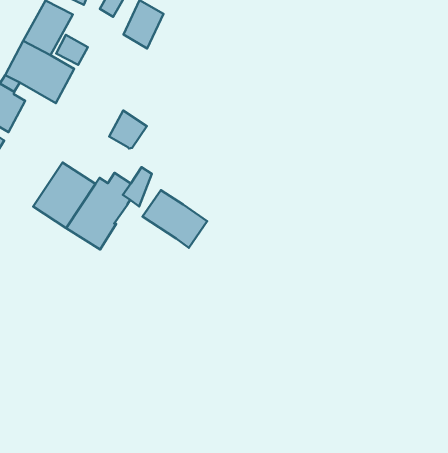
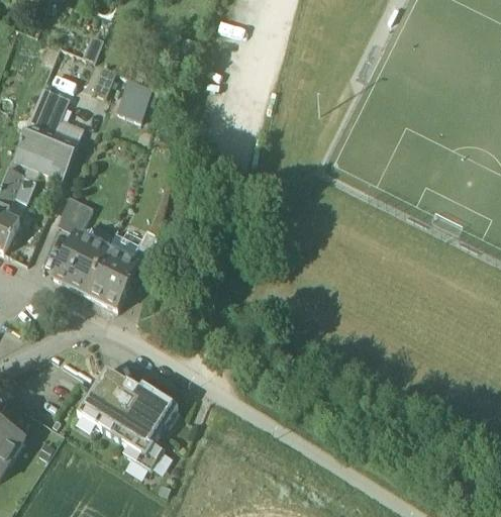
building: [109,110,147,149] -> [60,195,93,229]
building: [142,190,207,248] -> none
building: none -> [77,368,178,470]

